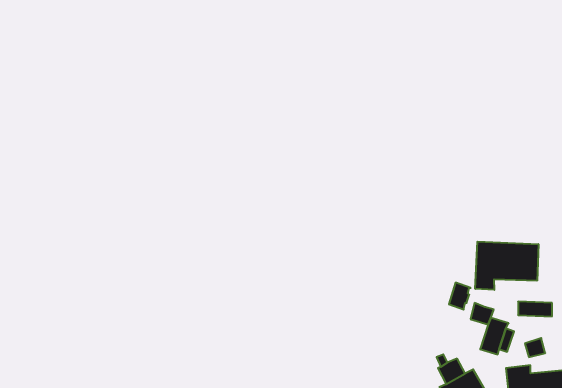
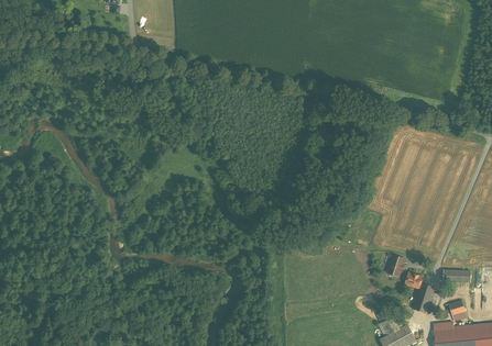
building: [475,242,538,290] -> none

